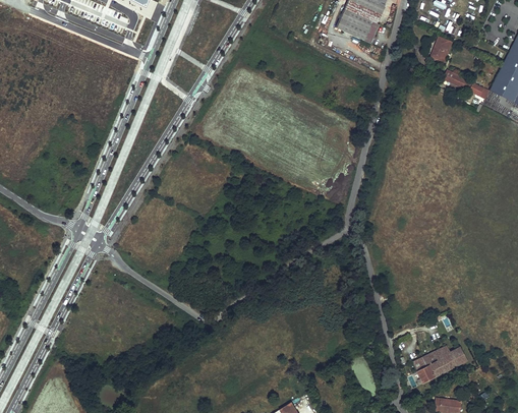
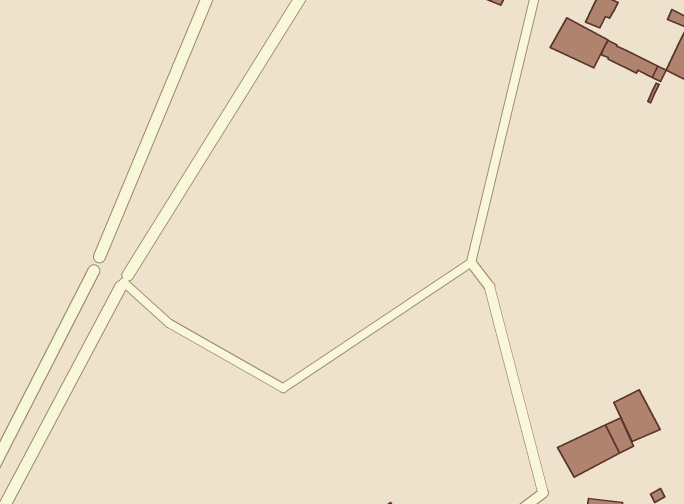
building: none -> [550,18,608,68]
building: none -> [614,390,660,442]

